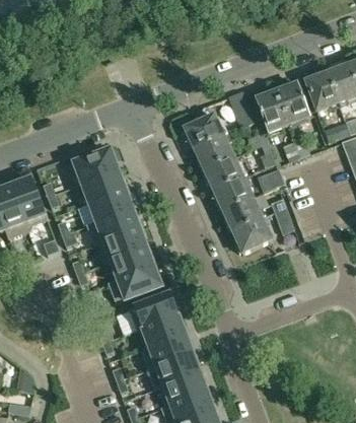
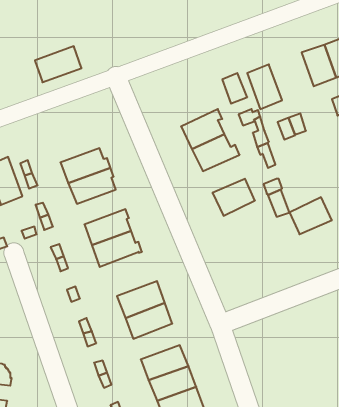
building: [275,83,309,125] -> none
building: [184,115,227,149] -> none
building: [73,149,117,183] -> [35,46,82,82]
building: [213,175,253,211] -> none
building: [95,208,141,240] -> none
building: [232,218,272,253] -> [290,197,332,234]
building: [117,266,161,300] -> none
building: [148,333,192,366] -> none

